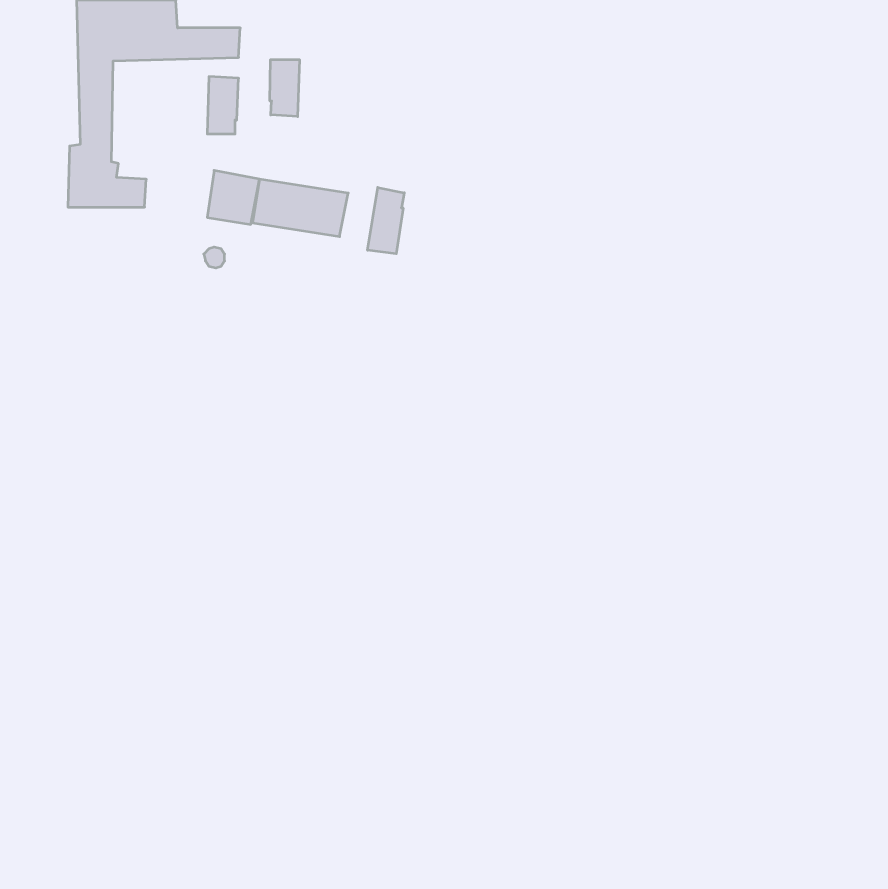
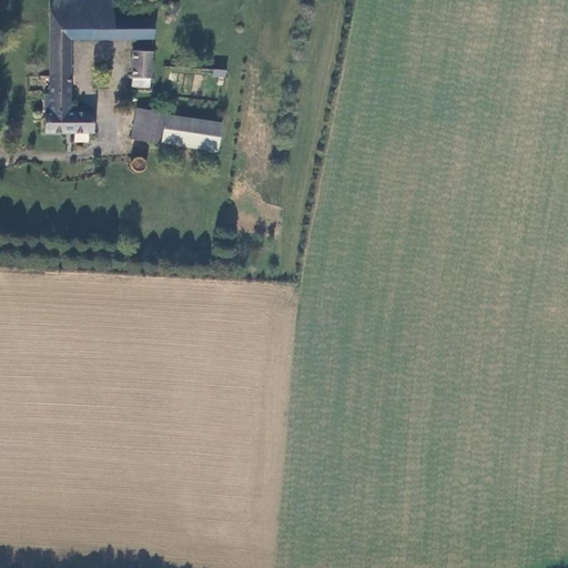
building: [270,60,299,117] -> none
building: [368,187,404,254] -> none

